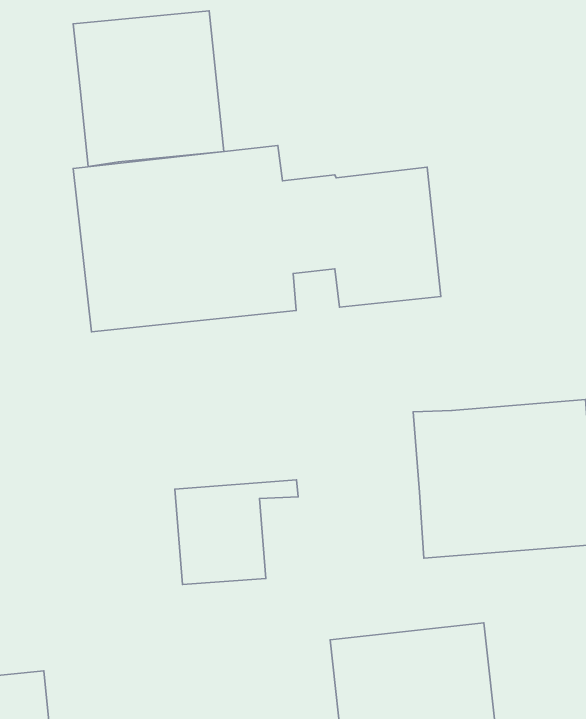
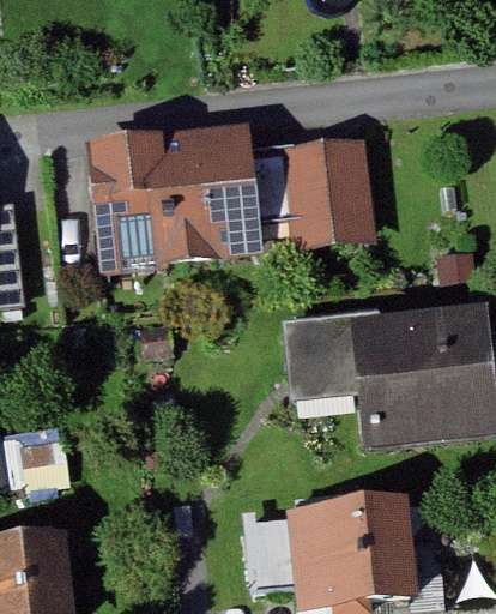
building: [73,11,224,166] -> none
building: [175,480,298,585] -> [288,315,383,397]

